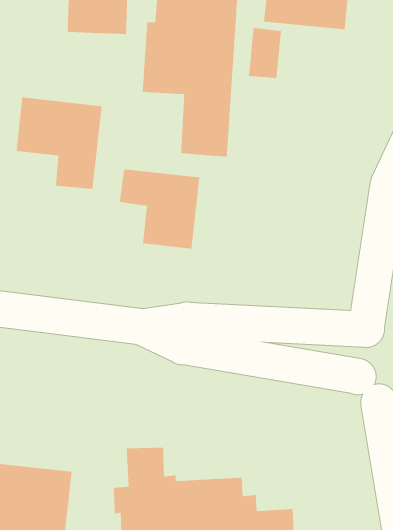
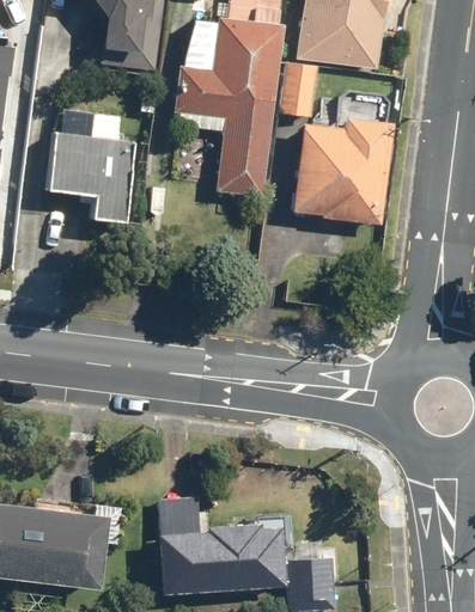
building: none -> [299,110,396,224]
building: [119,169,200,250] -> none

